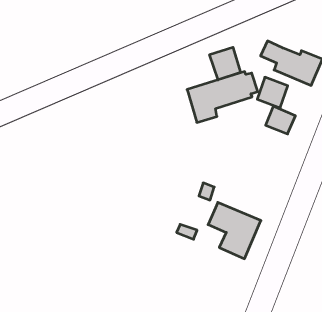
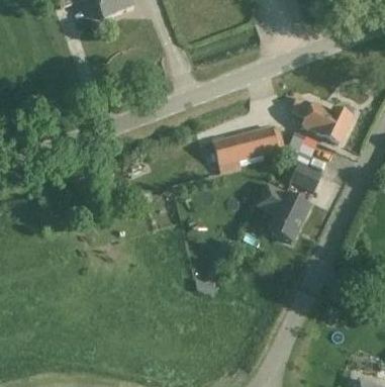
building: [210,47,240,80] -> none
building: [208,202,261,259] -> [257,183,311,243]

